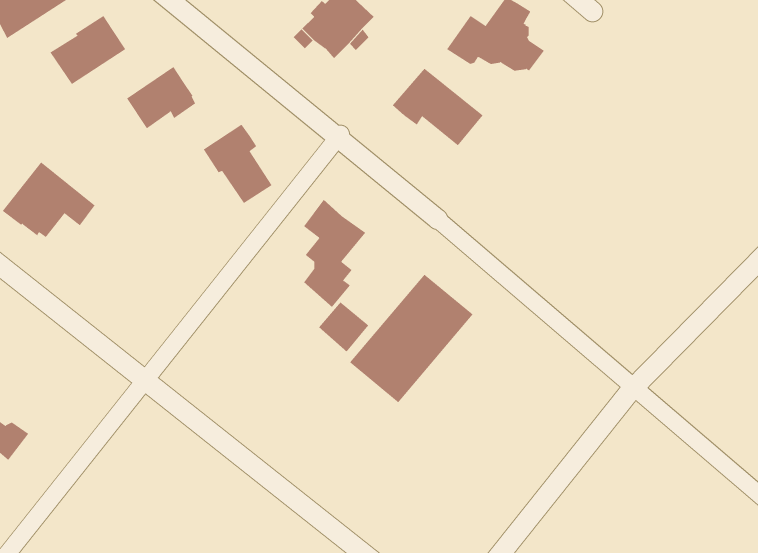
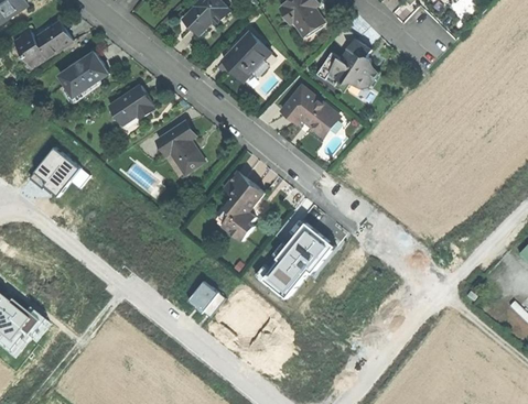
building: [318,302,369,353] -> [188,282,222,315]

